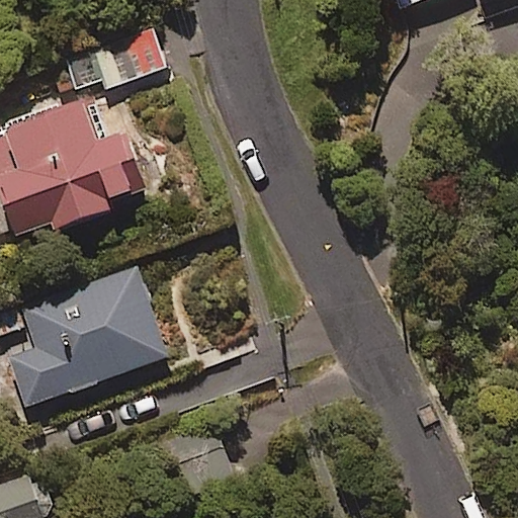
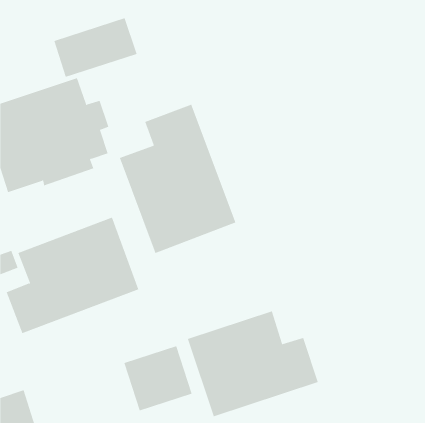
building: none -> [119,104,236,254]
building: none -> [187,311,318,417]

